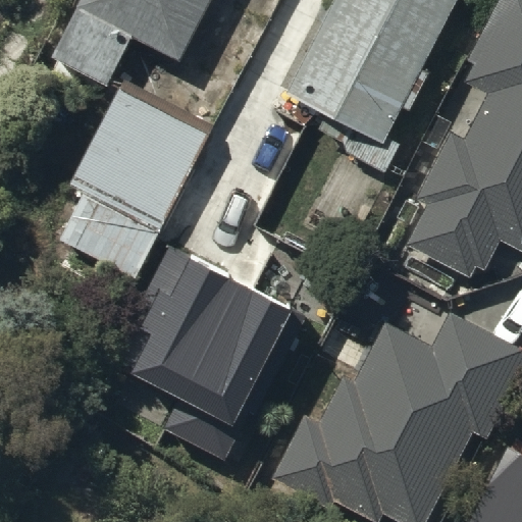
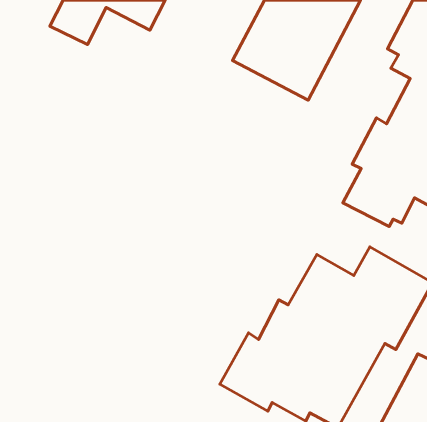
building: [62,86,205,270] -> none
building: [133,260,292,464] -> none

